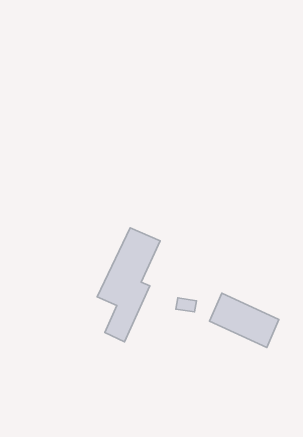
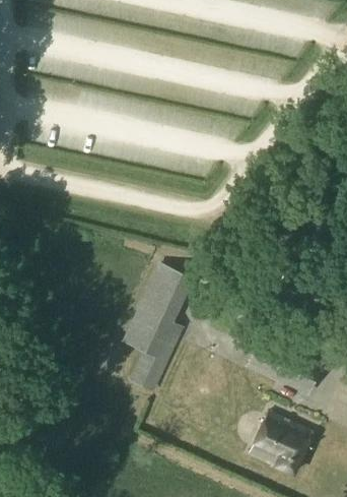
building: none -> [249,412,311,475]

